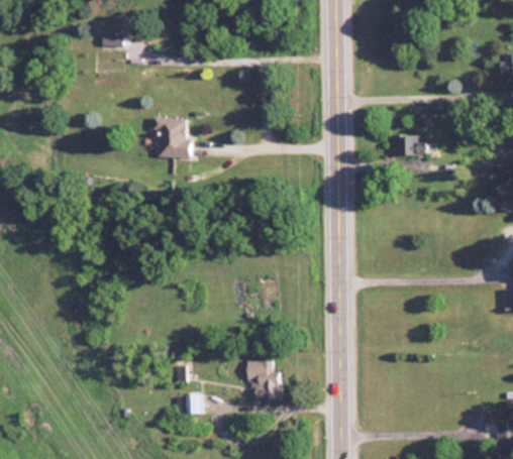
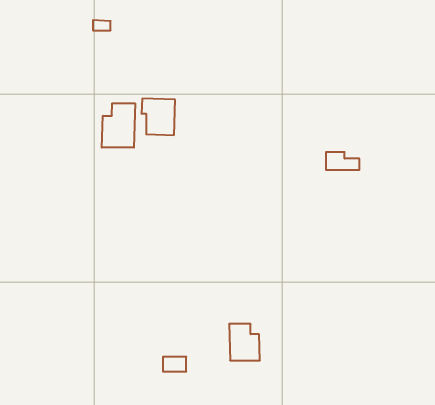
building: none -> [102,103,135,148]
building: [399,134,435,153] -> [326,152,359,170]

